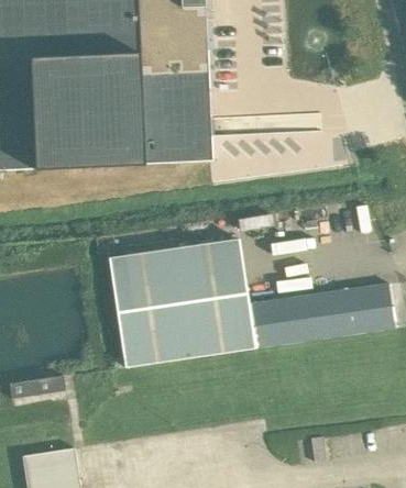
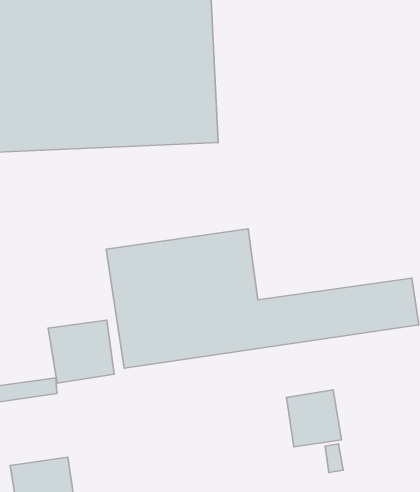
building: none -> [48,320,114,383]
building: none -> [287,390,341,447]

